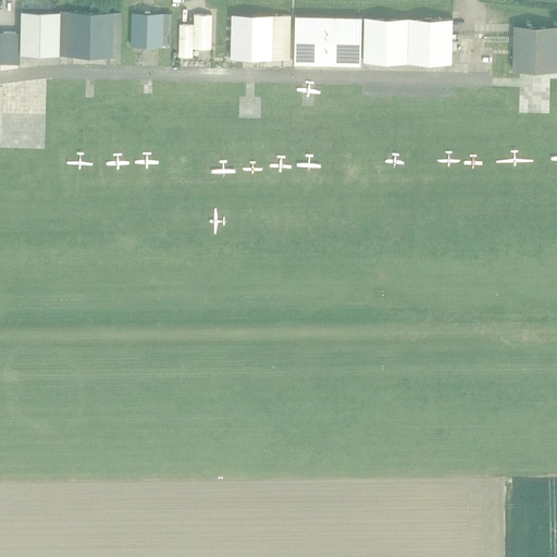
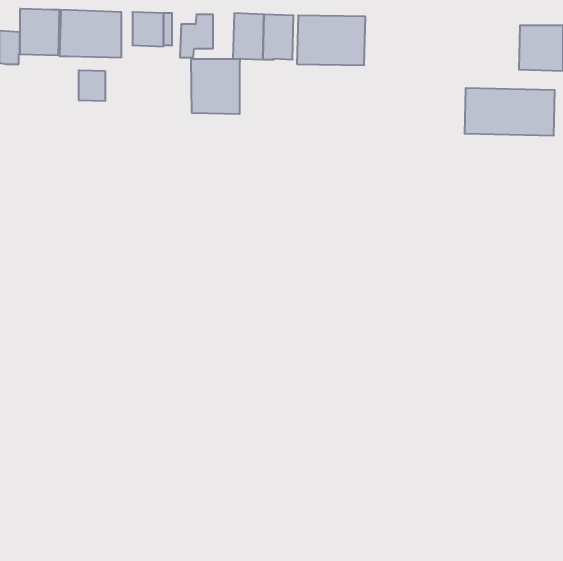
building: [362,20,451,66] -> [464,88,555,136]
building: none -> [191,59,240,114]
building: none -> [79,70,105,101]

